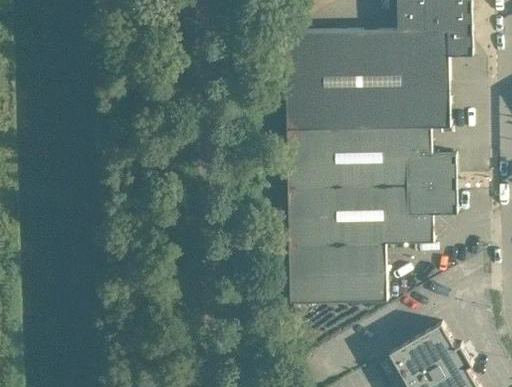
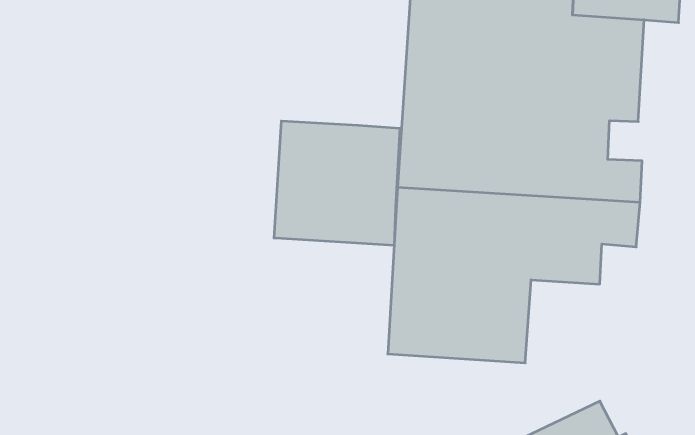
building: none -> [274,121,400,245]

